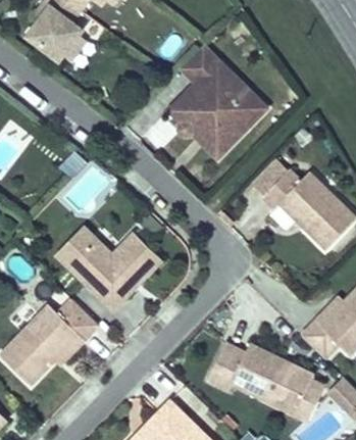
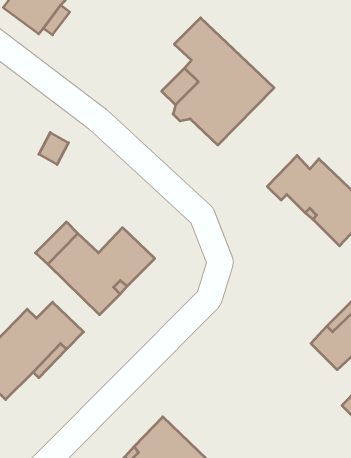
building: [207,343,313,413] -> none

